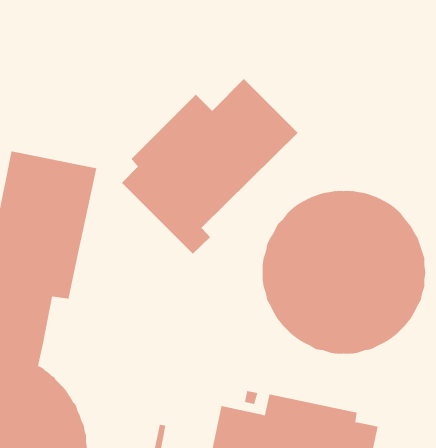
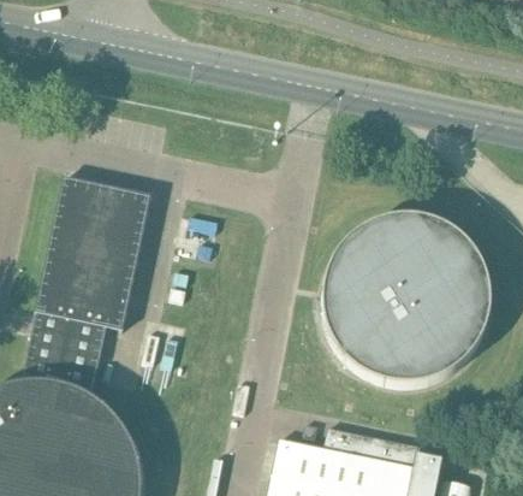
building: [121,78,298,255] -> none

